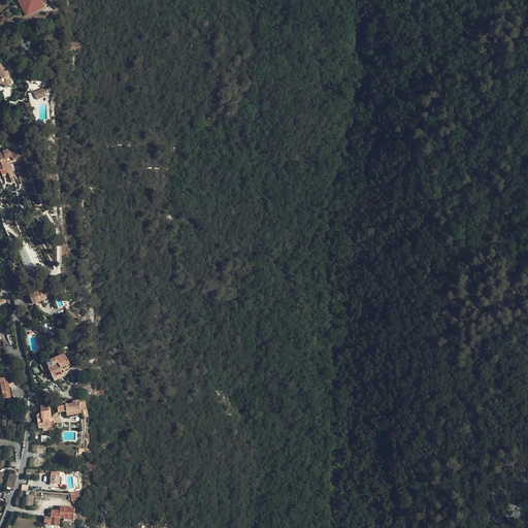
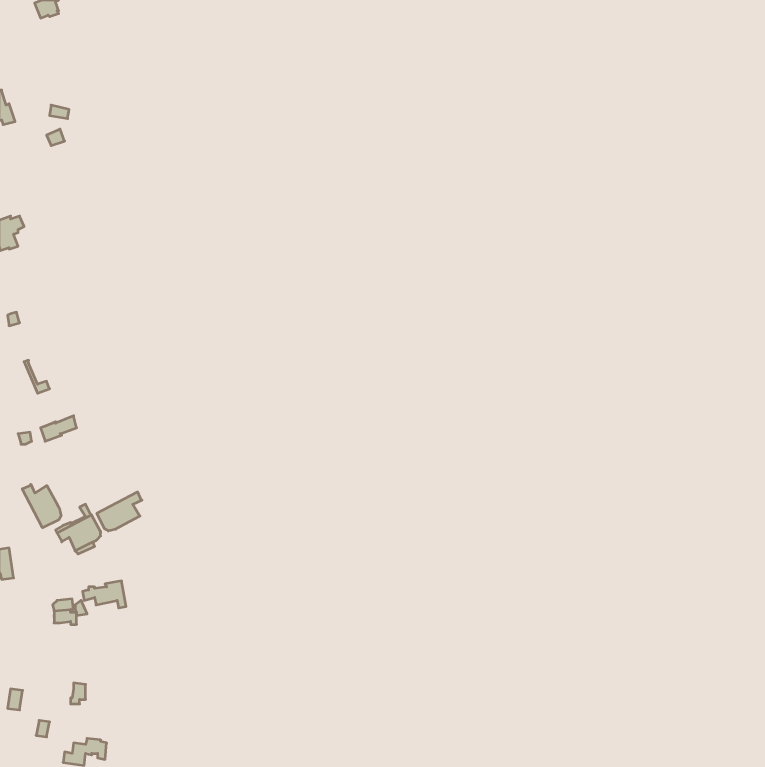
building: none -> [22,484,61,528]
building: none -> [97,492,142,531]

